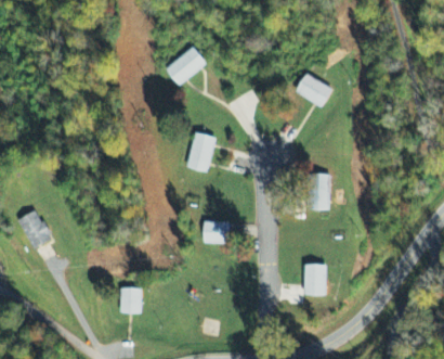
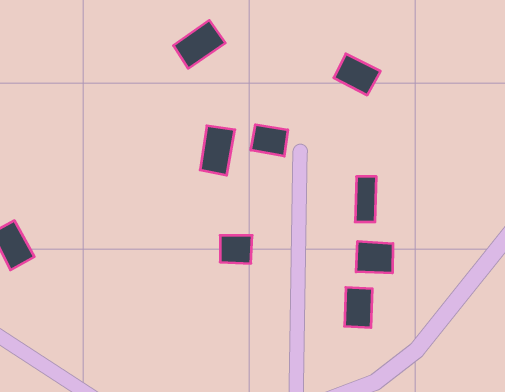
building: none -> [251,125,288,156]
building: none -> [356,241,393,273]
building: [119,287,142,315] -> none

